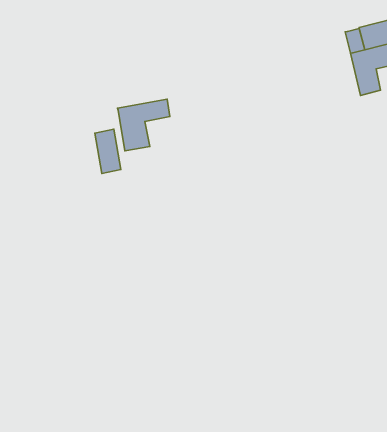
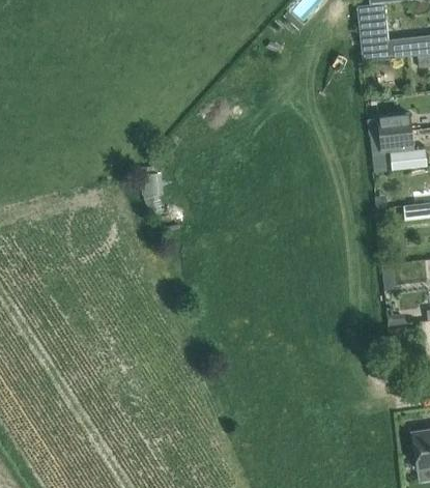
building: [117,99,170,151] -> none

